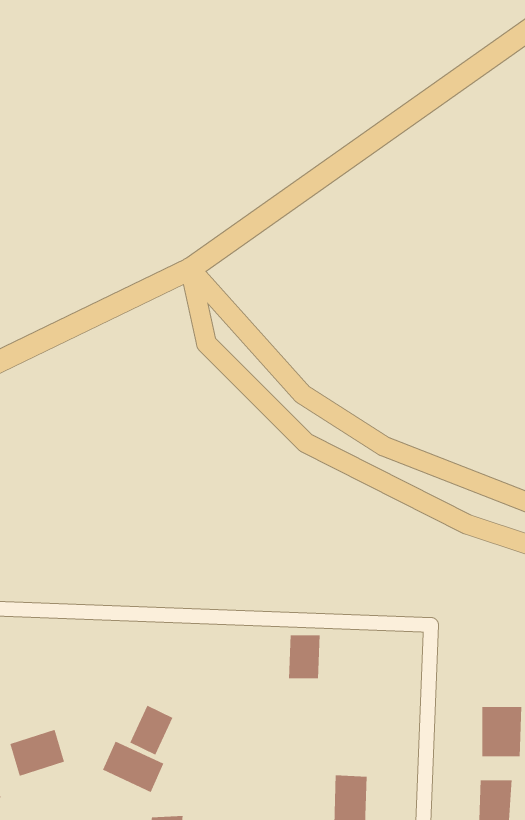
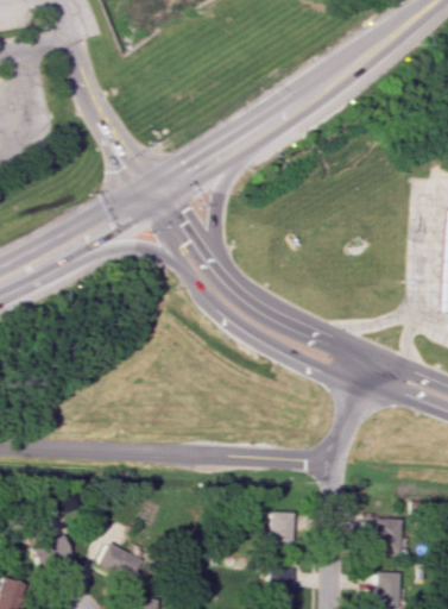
building: [288,635,321,679] -> [273,513,297,545]
building: [129,705,173,756] -> none

